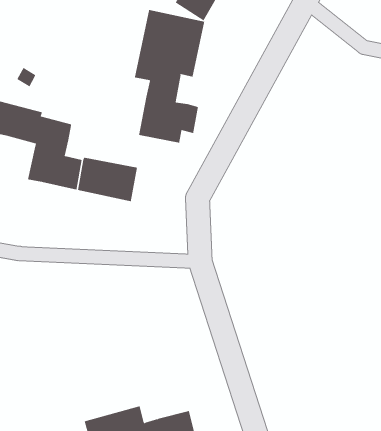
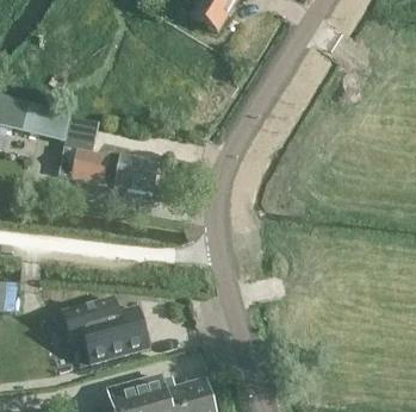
building: [134,9,205,144] -> none
building: none -> [63,298,149,364]

